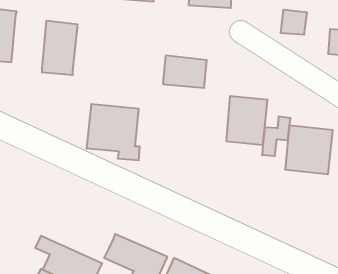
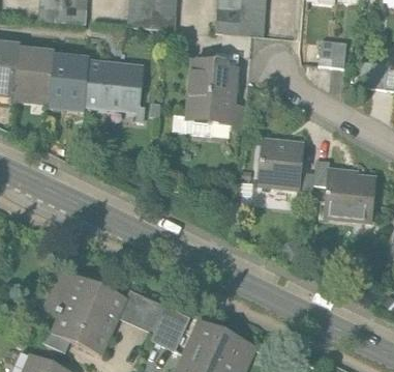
building: none -> [14,44,54,105]
building: none -> [188,59,239,95]
building: [86,104,140,160] -> [84,58,144,121]
building: none -> [48,267,128,324]

